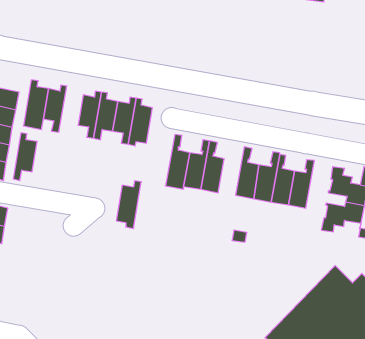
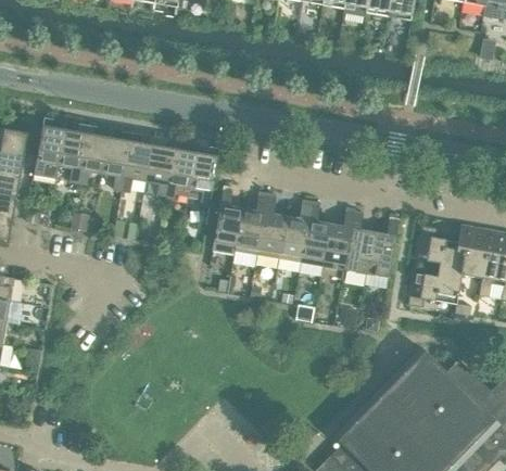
building: [13,133,37,181] -> [77,125,107,184]
building: none -> [277,200,309,262]
building: [116,181,141,229] -> [187,147,218,206]

